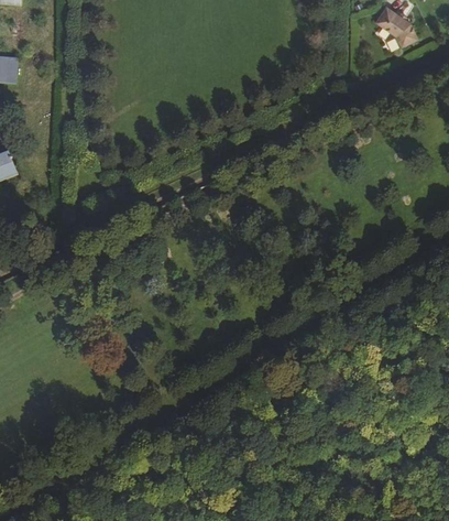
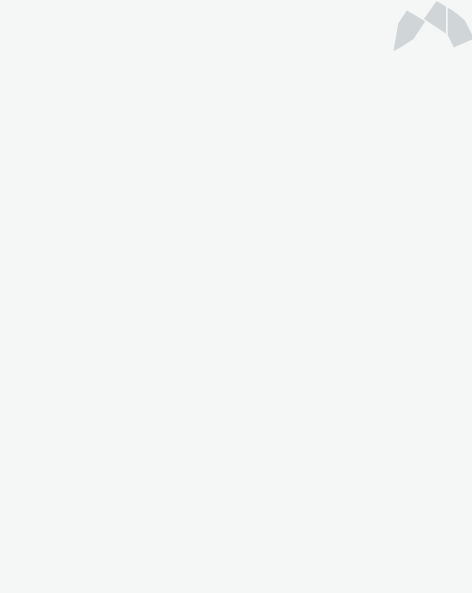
building: none -> [393,9,426,52]

